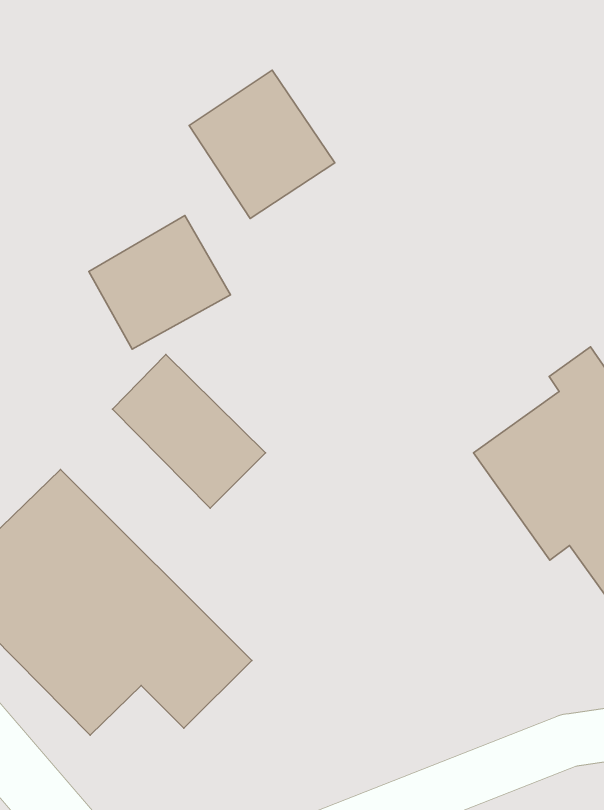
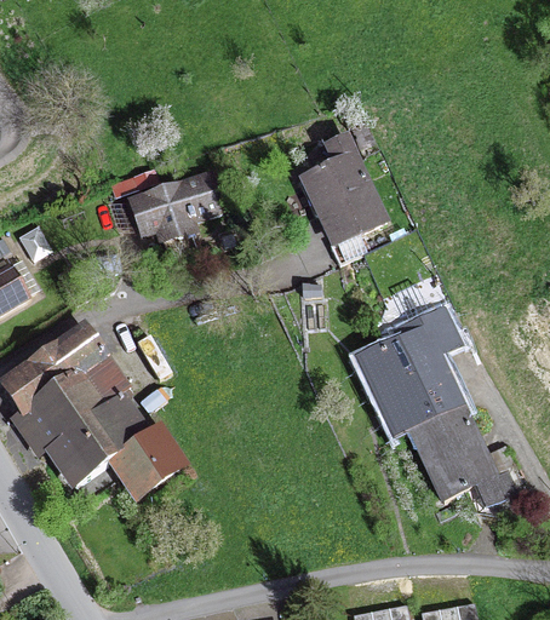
building: [189,70,335,219] -> [298,148,389,242]
building: [113,354,266,508] -> none

